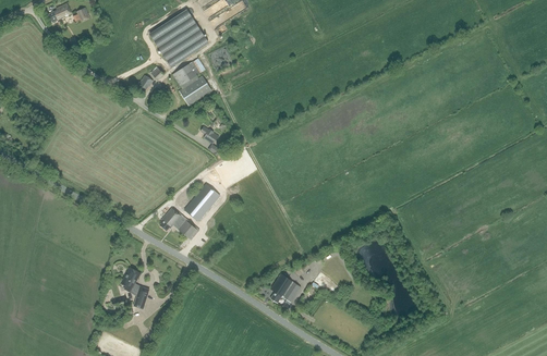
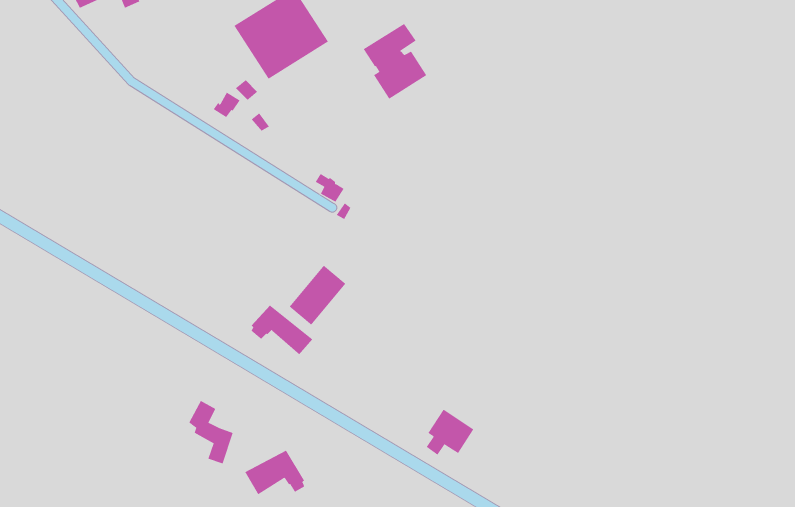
building: [172,58,212,106] -> [363,23,427,99]
building: none -> [245,450,305,495]

